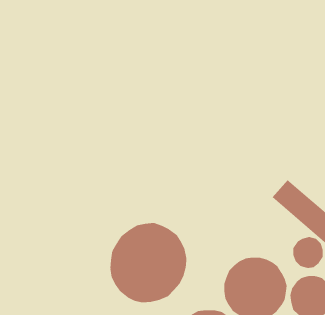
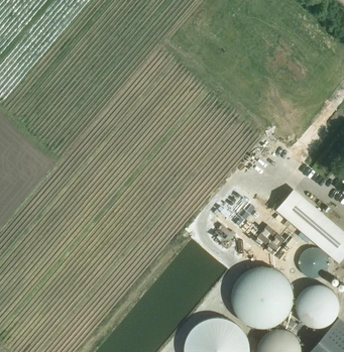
building: [110,222,187,303] -> none

